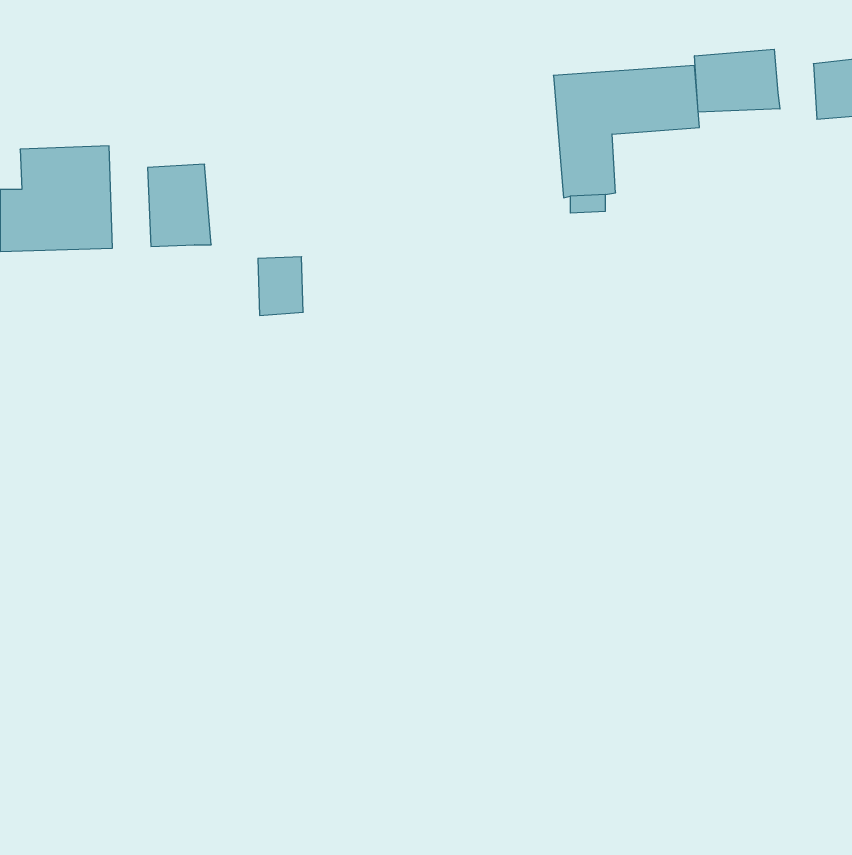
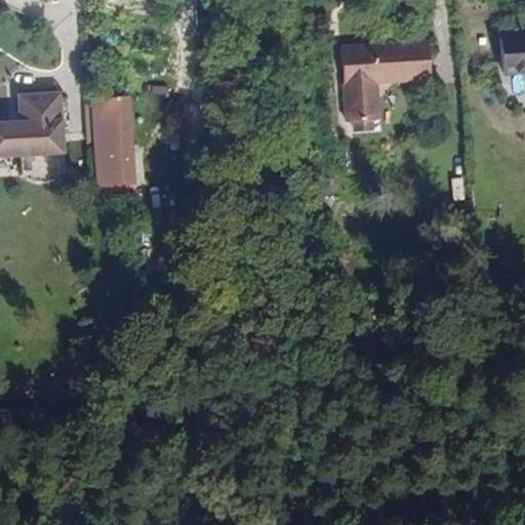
building: [695,49,780,112] -> none
building: [258,257,303,315] -> [95,151,123,187]

